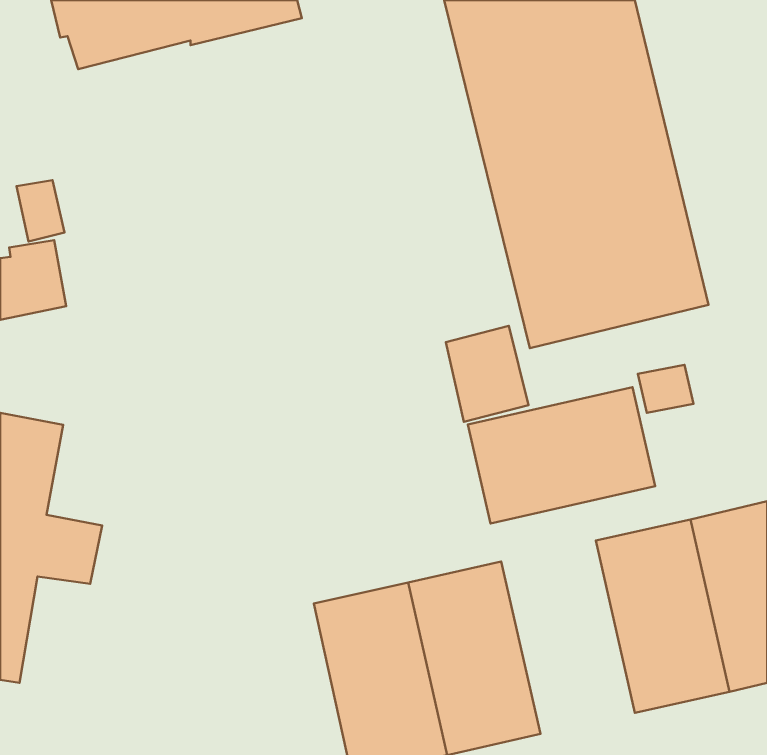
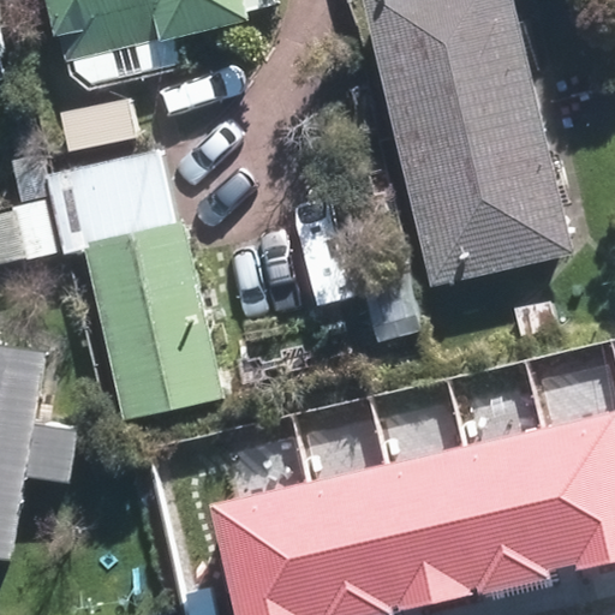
building: none -> [54,148,231,420]
building: [468,387,655,523] -> none
building: none -> [401,442,508,597]

